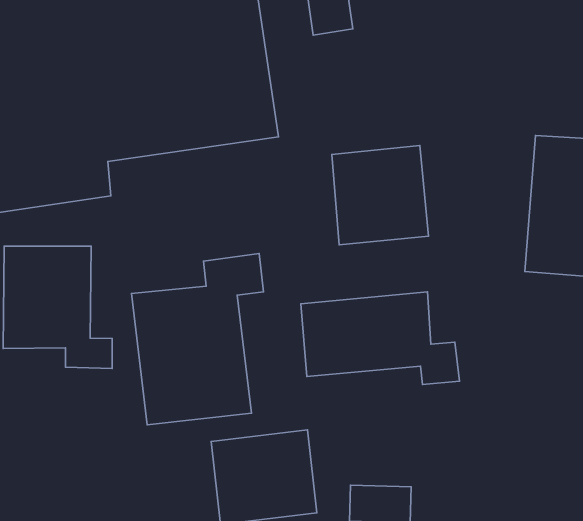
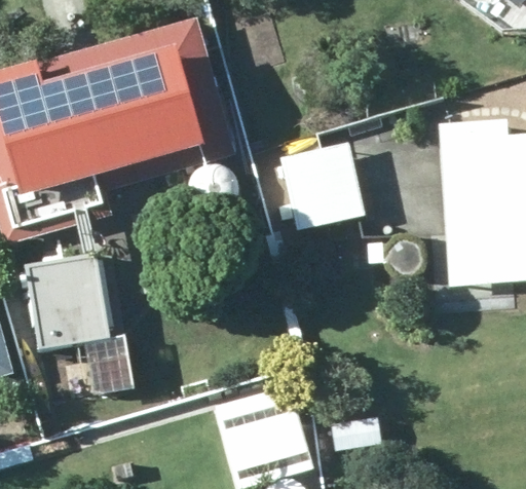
building: [131,254,264,425] -> none
building: [301,292,459,384] -> none

